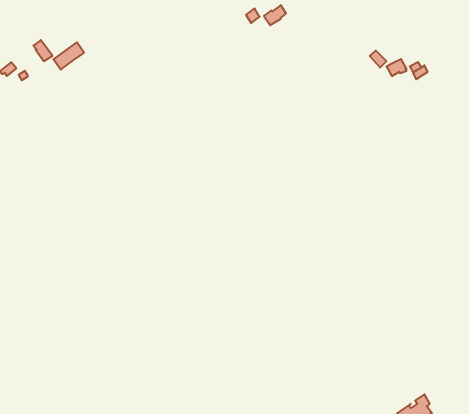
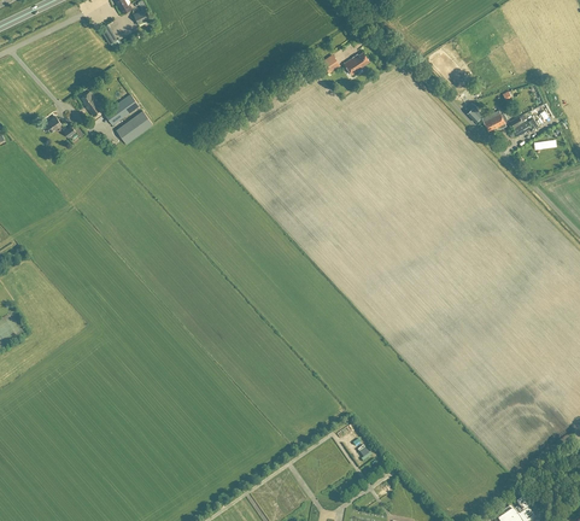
building: none -> [116,110,152,144]

